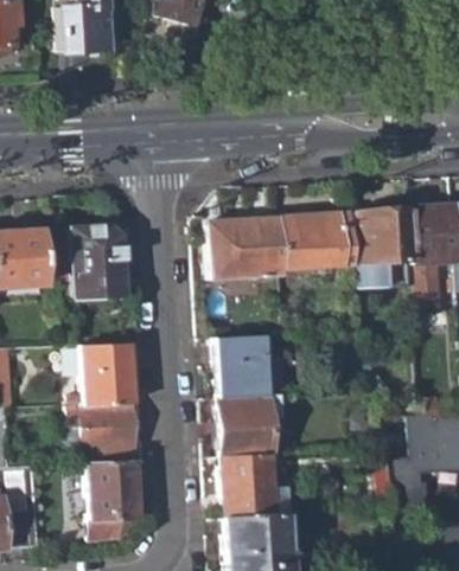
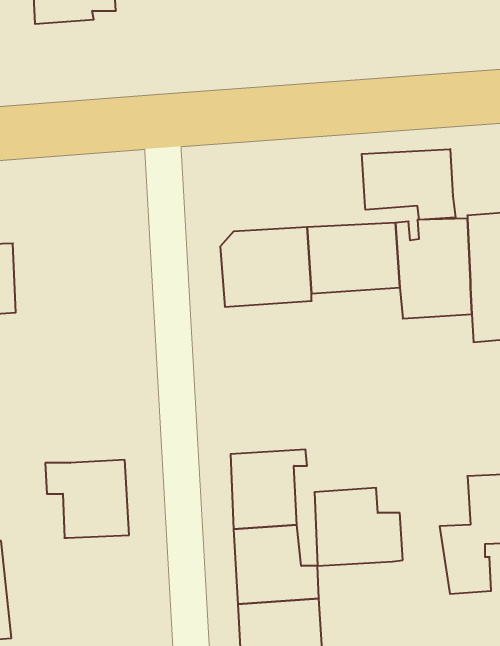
building: none -> [362,149,456,220]
building: [62,224,126,297] -> none
building: [217,335,288,398] -> [314,488,403,566]
building: [88,344,134,405] -> none
building: [88,463,140,540] -> none

